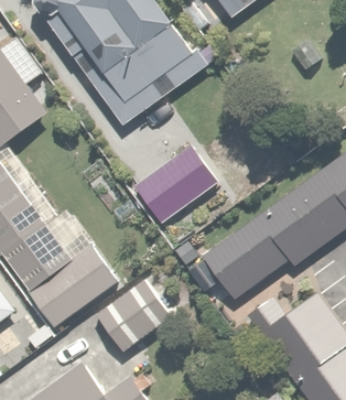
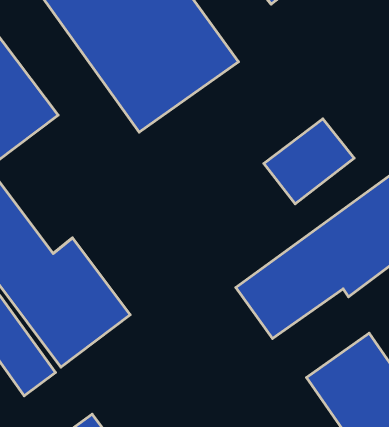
building: [138,148,214,219] -> [264,119,354,204]
building: [97,283,166,352] -> none

